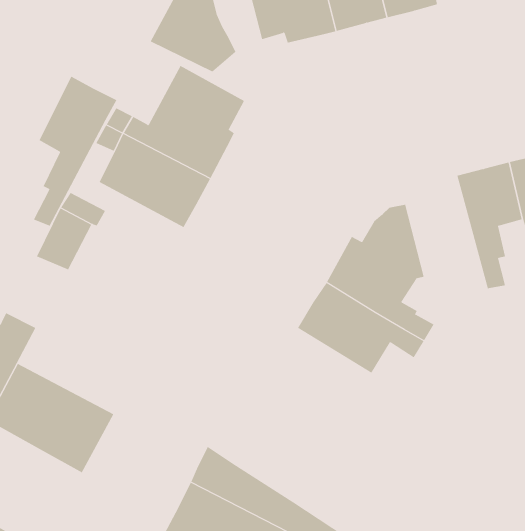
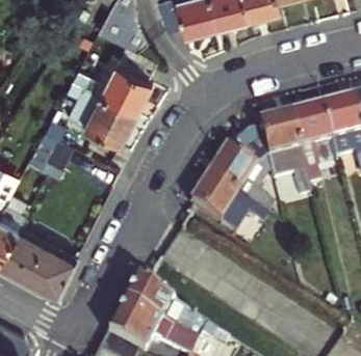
building: [33,76,117,227] -> none
building: none -> [253,114,308,197]

